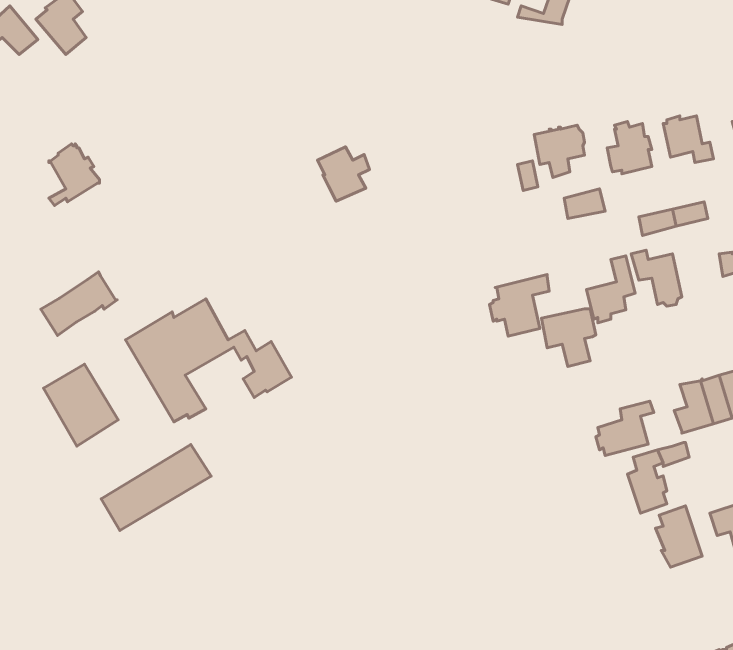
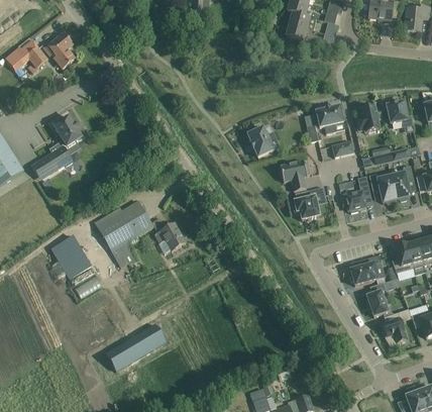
building: [317,147,370,201] -> [247,126,276,156]
building: none -> [391,165,414,200]
building: [41,272,117,335] -> [31,144,73,179]
building: [542,309,596,367] -> [280,160,309,191]
building: [101,445,211,530] -> [106,323,166,370]

